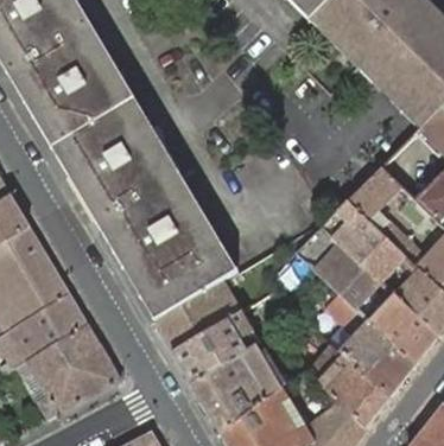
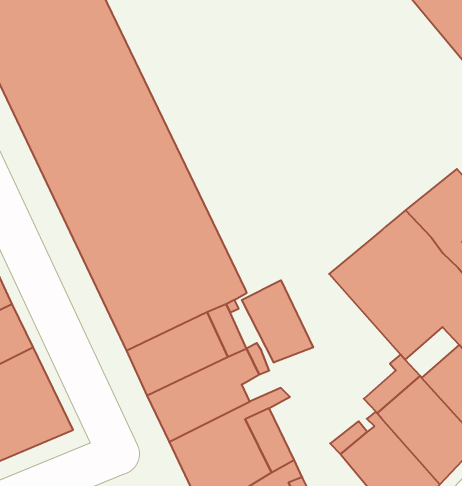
building: none -> [242,280,313,363]

